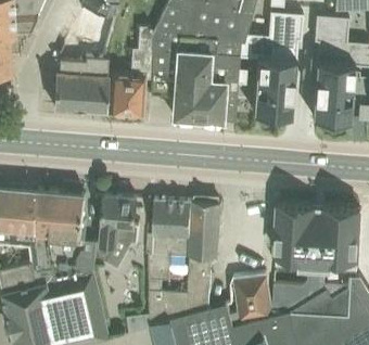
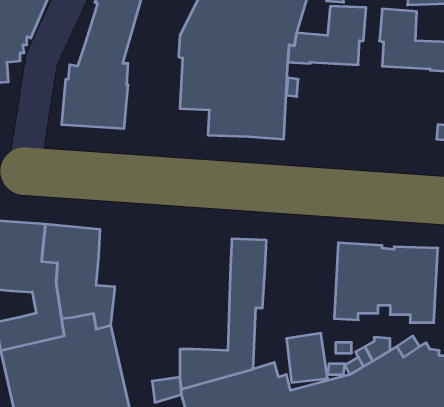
building: [111,40,149,115] -> none
building: [253,59,295,116] -> none
building: [311,62,354,119] -> none
building: [94,196,139,271] -> none
building: [149,201,191,293] -> none

